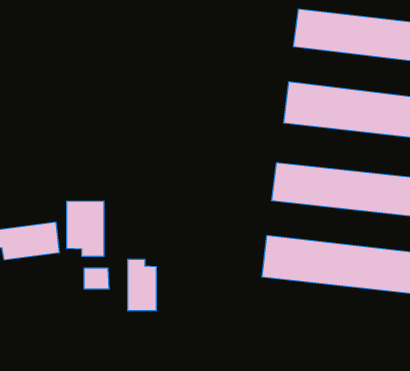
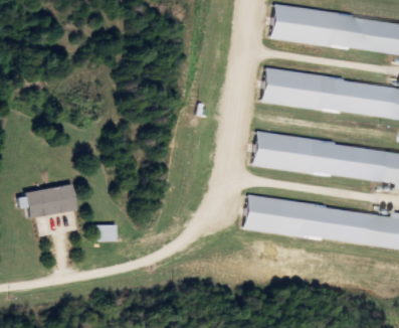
building: [67,201,104,256] -> none
building: [128,259,156,311] -> none

